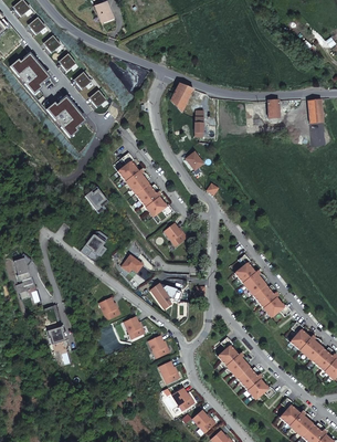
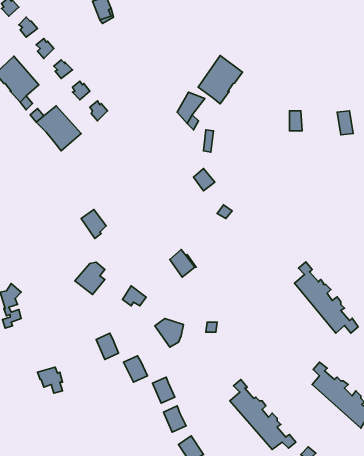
building: none -> [198,56,242,104]
building: [117,152,173,217] -> none
building: [234,254,291,317] -> [295,262,358,333]

